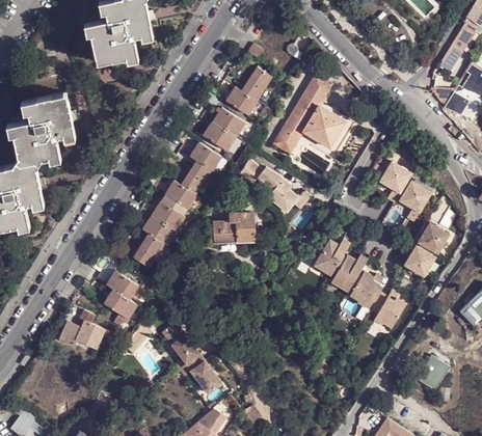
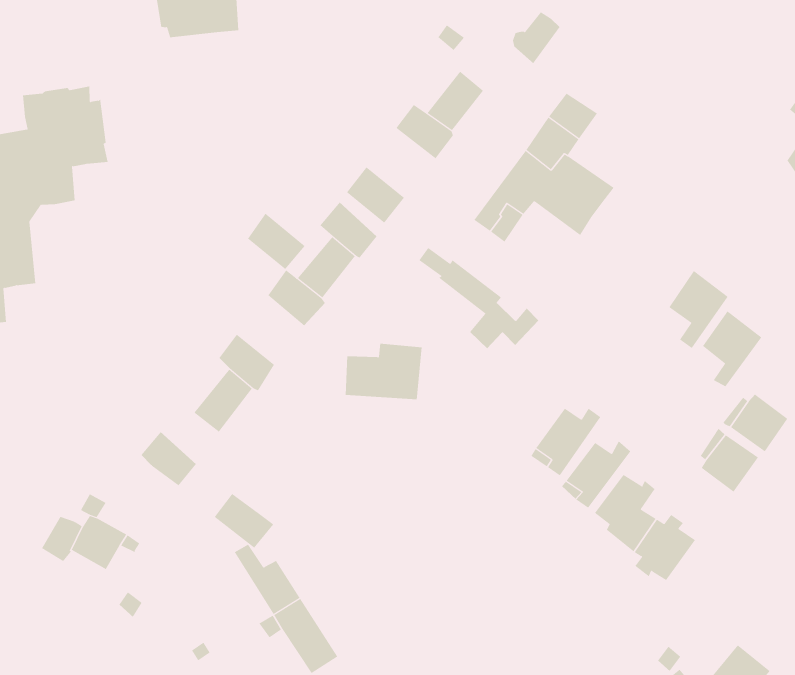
building: [212,108,243,137] -> none
building: [152,202,183,231] -> [247,213,305,270]
building: [105,291,137,319] -> [214,493,274,548]

